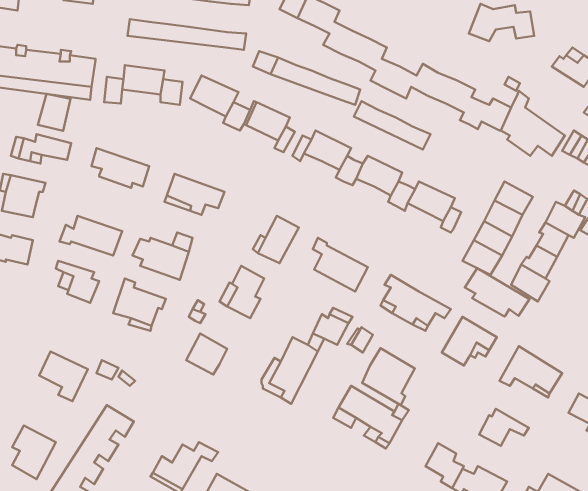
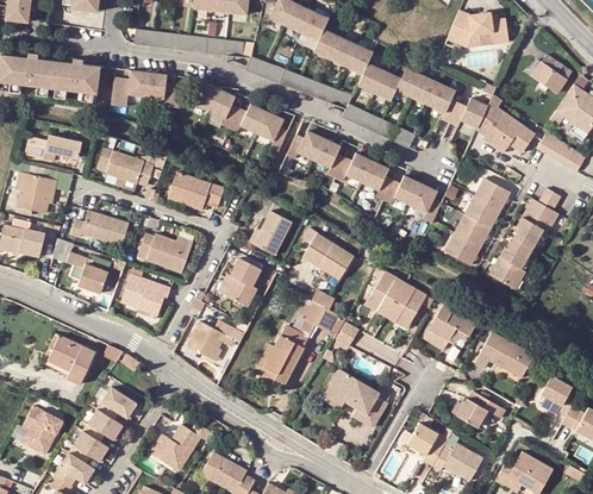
building: [38,94,70,131] -> none
building: [465,268,530,317] -> none
building: [362,348,415,405] -> none

